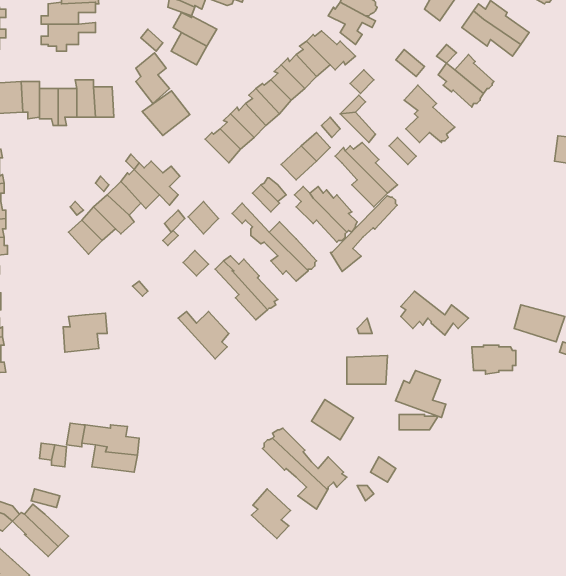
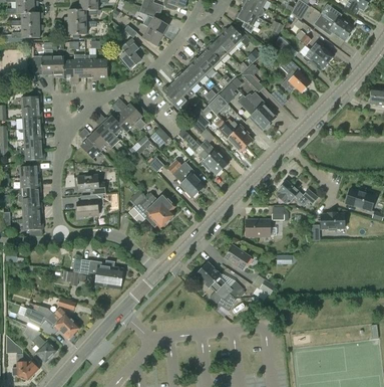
building: [142,91,190,135] -> none
building: [331,196,397,272] -> none
building: none -> [77,175,105,195]
building: none -> [130,191,167,228]
building: [396,371,446,418] -> none
building: [251,489,290,539] -> none

